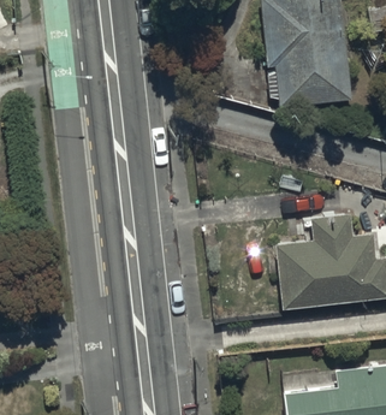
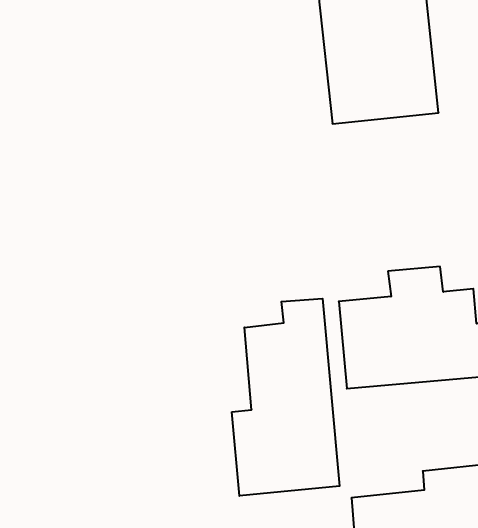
building: none -> [232,299,340,496]

